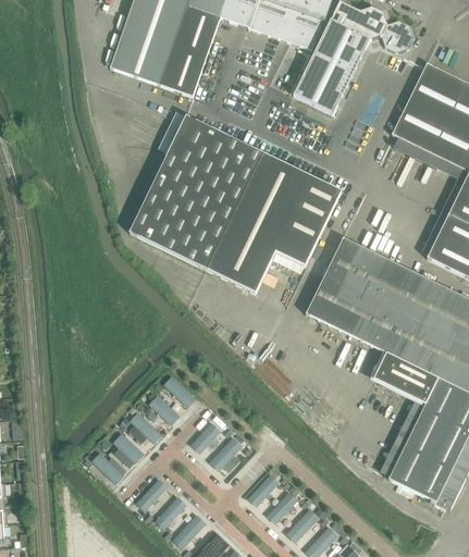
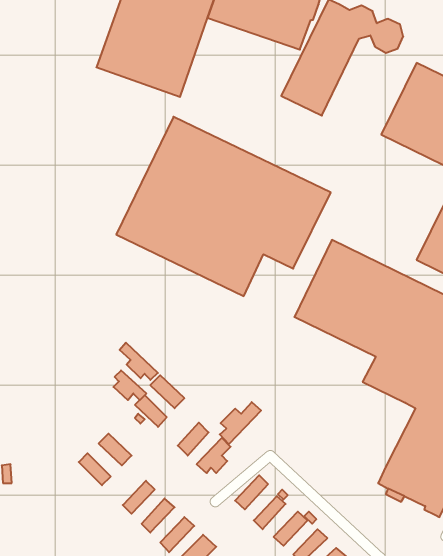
building: none -> [120,343,158,380]
building: none -> [220,402,261,444]
building: [129,414,162,444] -> [113,370,146,400]

